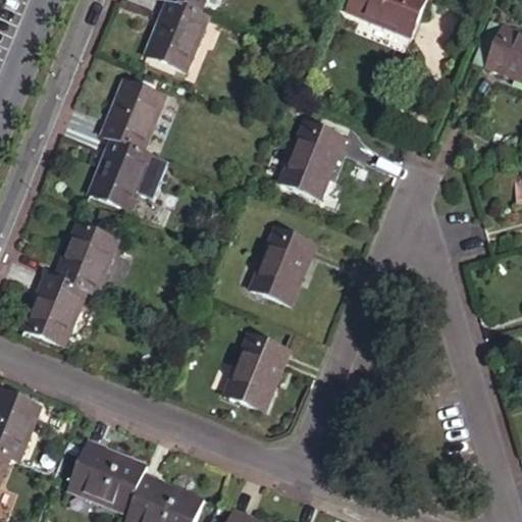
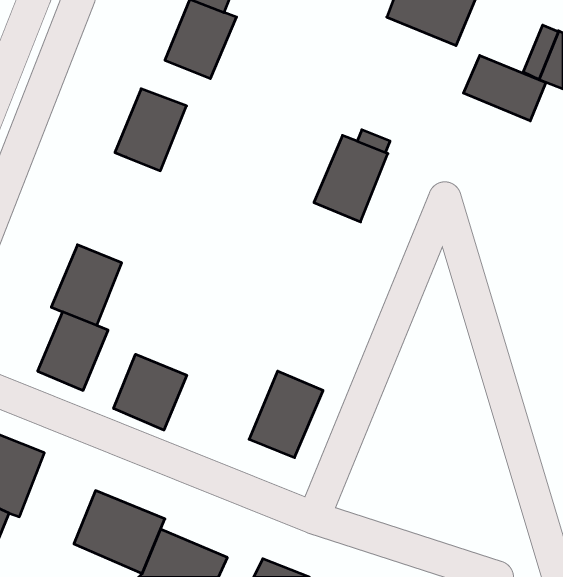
building: none -> [463,55,546,121]
building: [91,141,154,211] -> none
building: [251,227,317,305] -> none
building: none -> [114,354,187,430]

